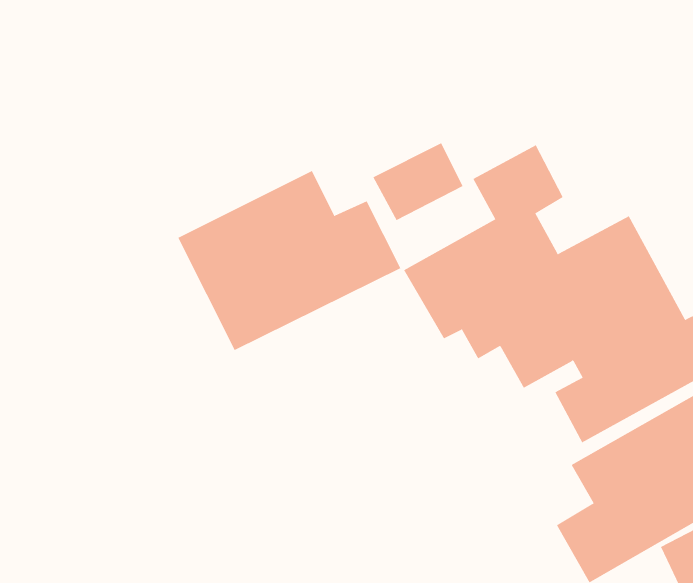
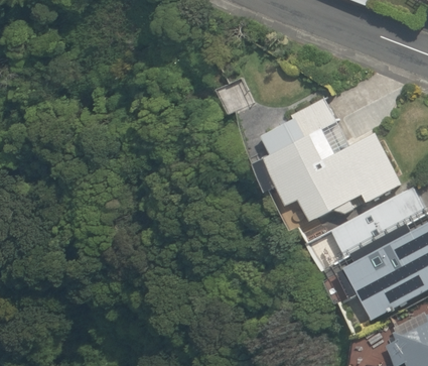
building: [178,170,401,351] -> none

